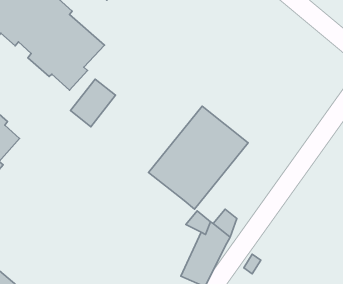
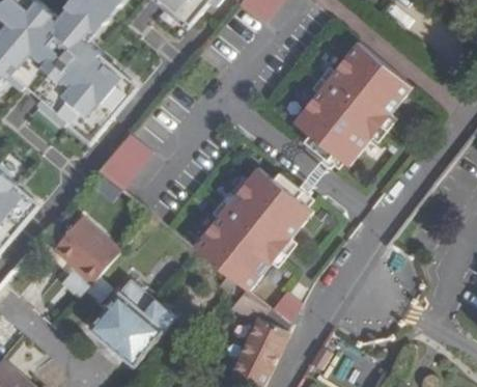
building: none -> [292,40,412,165]
building: none -> [52,216,119,282]
building: none -> [88,280,173,364]

